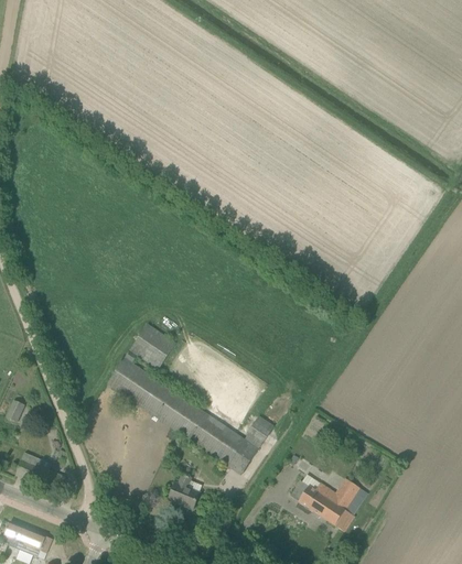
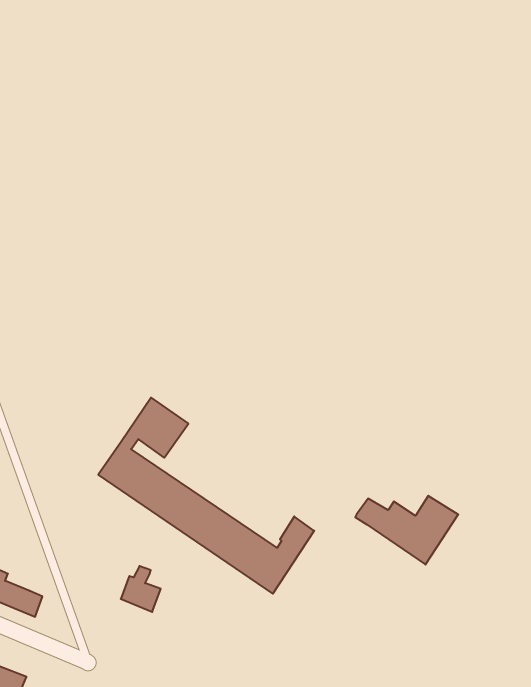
building: [168,474,198,509] -> [121,566,161,612]
building: [289,478,368,531] -> [355,496,458,565]

